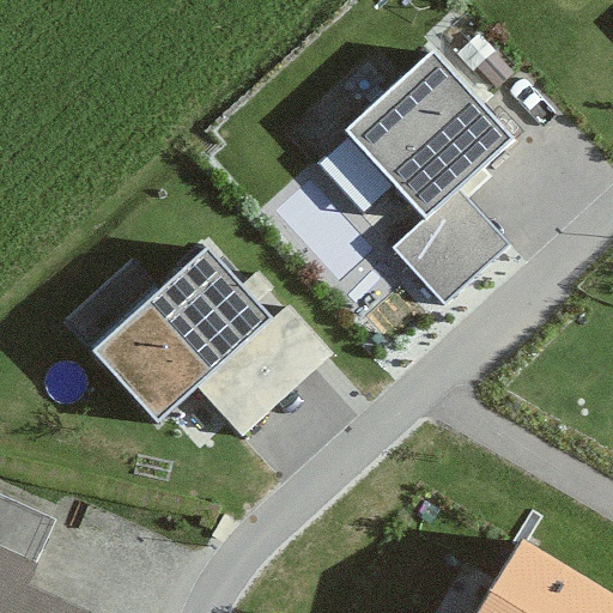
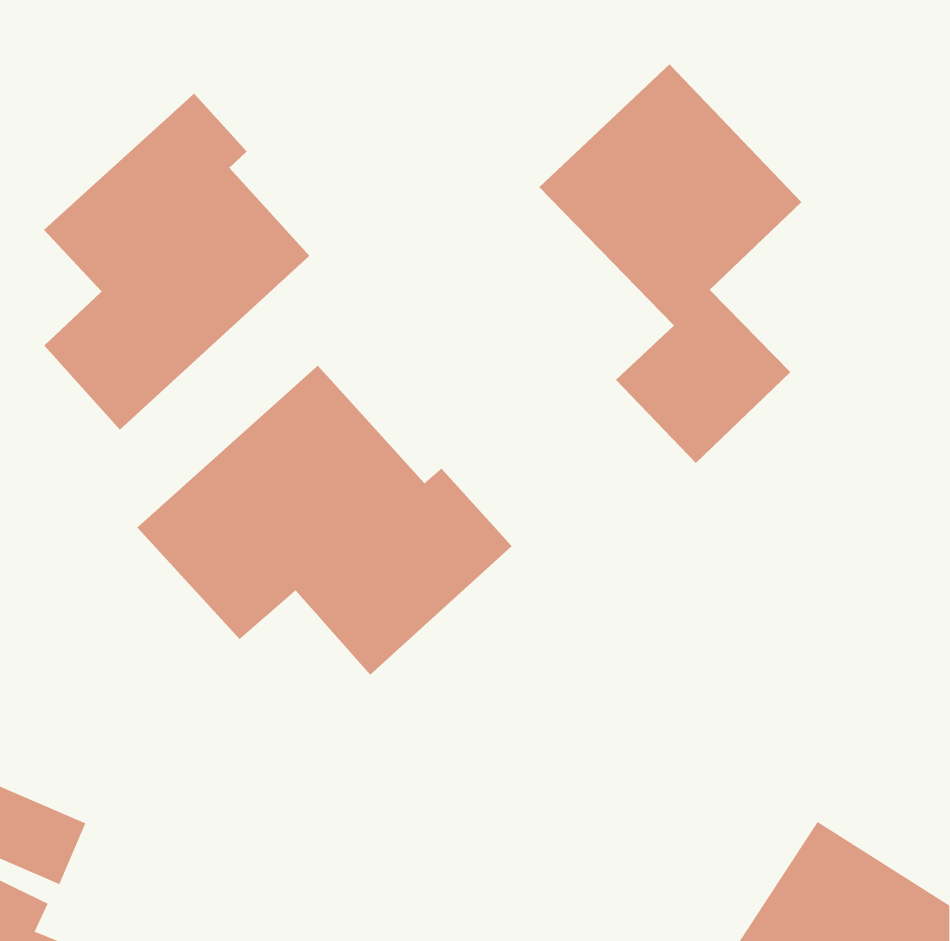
building: none -> [43,93,310,430]

